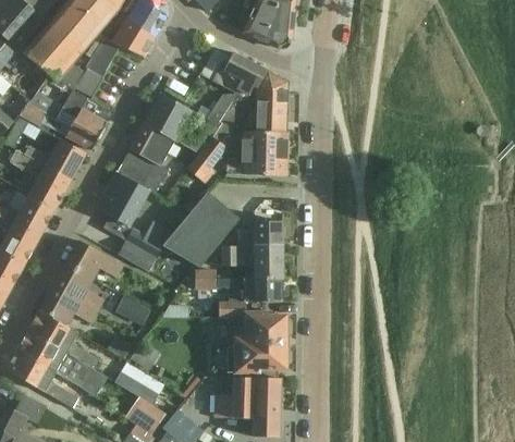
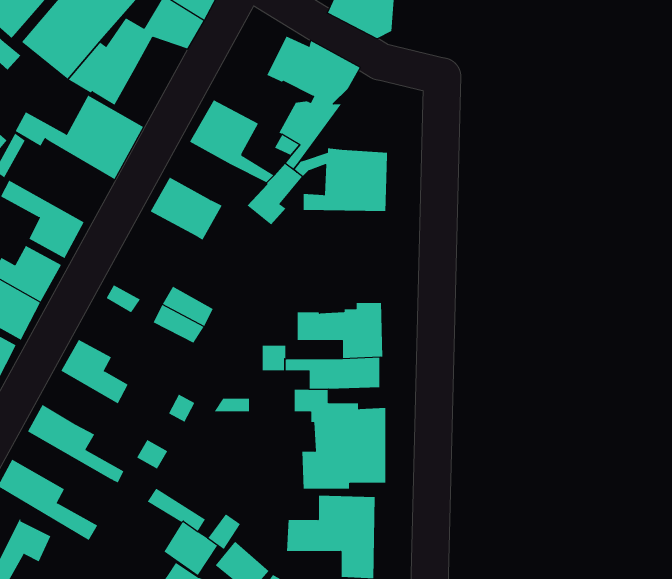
building: [255,69,289,130] -> none
building: [131,122,174,163] -> none
building: [15,137,85,180] -> none
building: [97,172,149,224] -> none
building: [164,191,240,262] -> none
building: [238,219,283,245] -> none
building: [65,238,120,277] -> none
building: [39,286,94,324] -> none
building: [17,330,89,386] -> none

